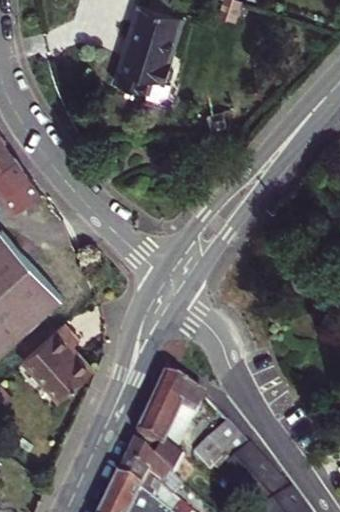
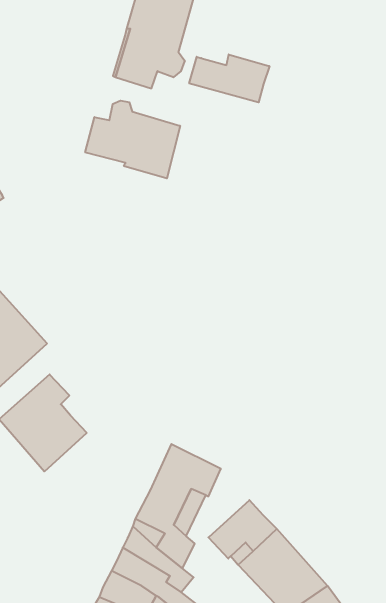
building: none -> [189,54,269,102]
building: none -> [85,101,180,178]

